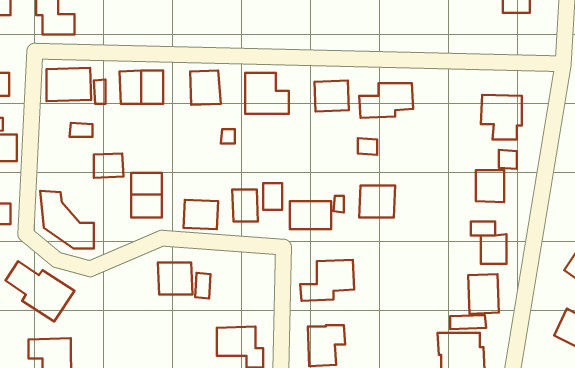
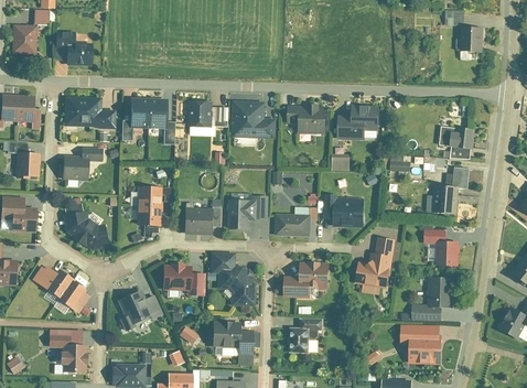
building: [94,153,123,178] -> [61,159,86,180]
building: none -> [354,235,397,292]
building: none -> [221,266,254,303]
building: none -> [119,290,165,324]

